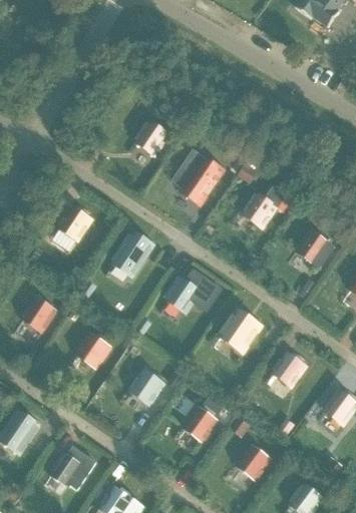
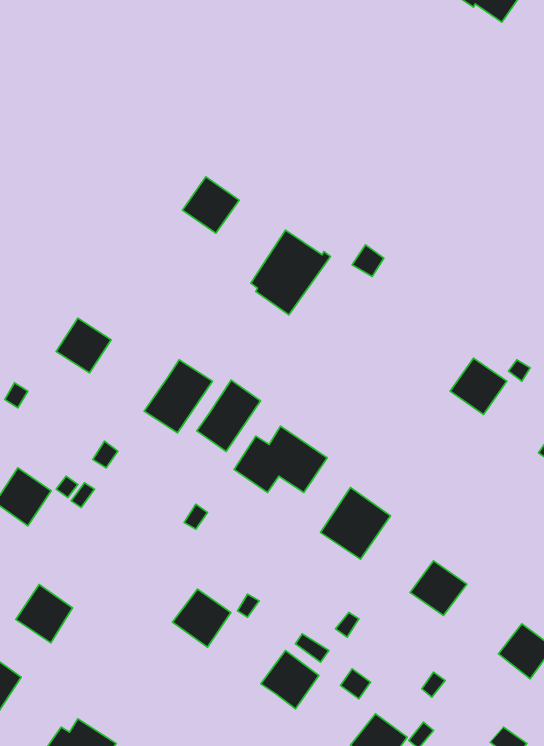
building: [242,184,291,226] -> none
building: none -> [197,380,260,452]
building: [75,332,109,367] -> [16,585,72,643]

